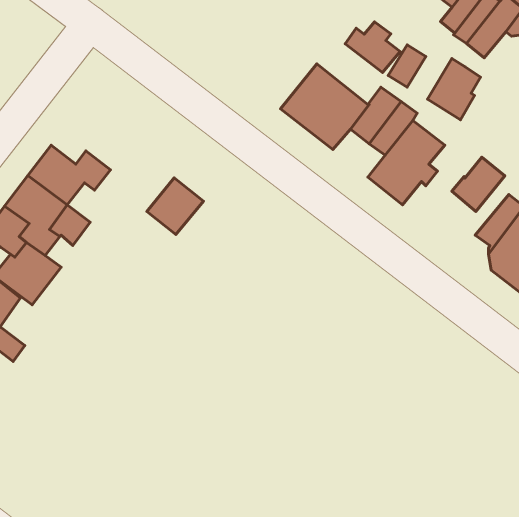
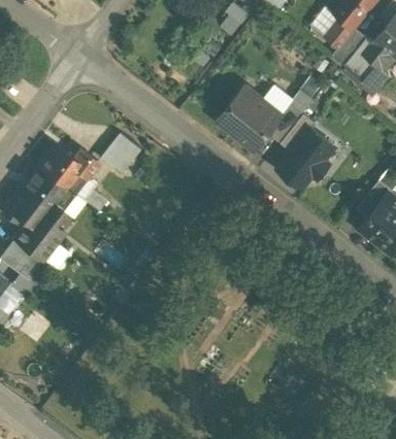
building: [345,22,400,73] -> none
building: [427,58,480,120] -> none
building: [452,157,505,211] -> none
building: [147,178,203,235] -> [102,135,142,175]

